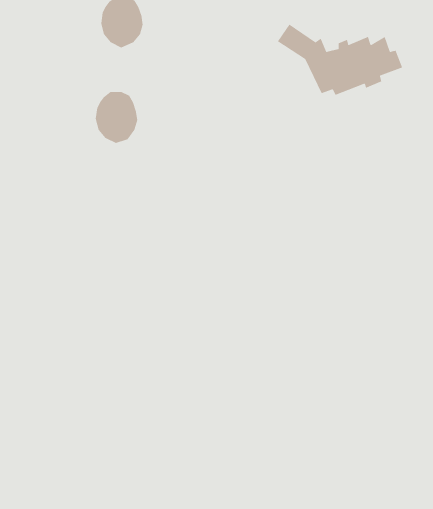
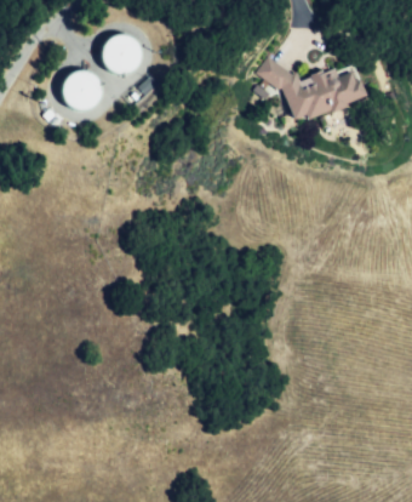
building: [95,91,138,144] -> [65,69,103,115]

